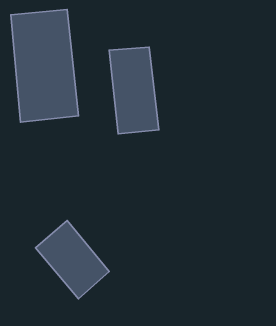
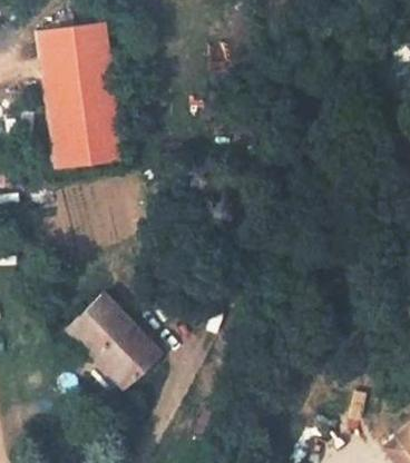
building: [109,47,159,134] -> none

